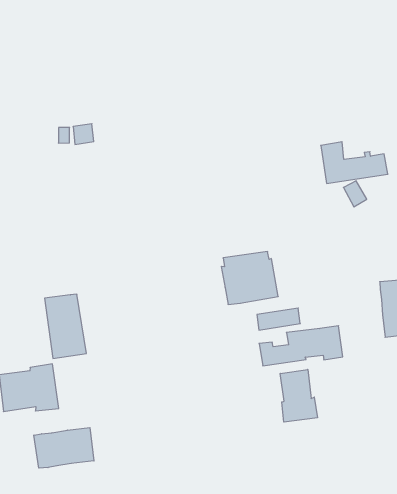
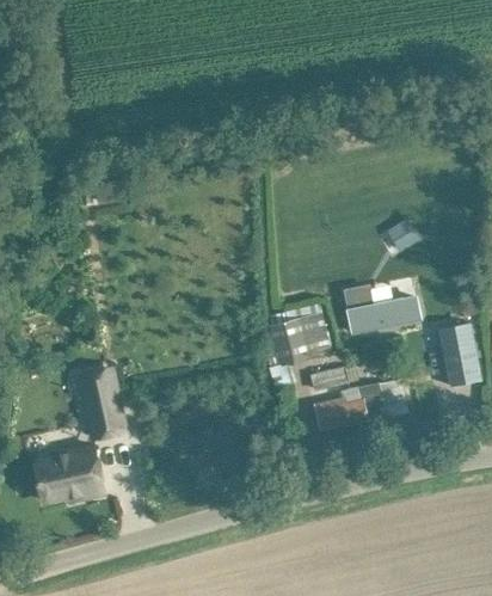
building: [321,142,388,183] -> [349,294,424,340]
building: [280,369,317,422] -> none
building: [34,428,94,468] -> none

